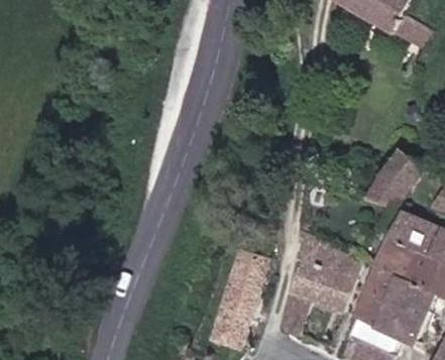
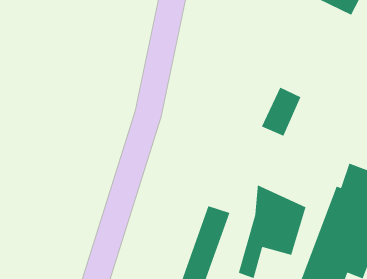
building: [372,152,421,210] -> [261,87,302,137]

